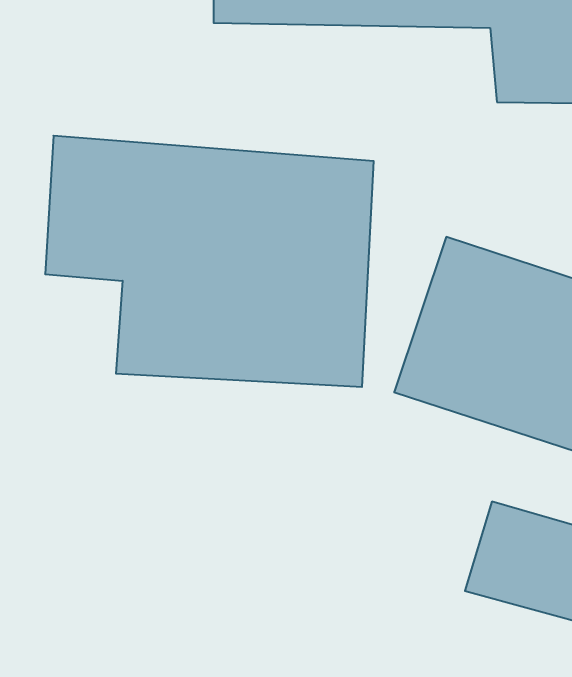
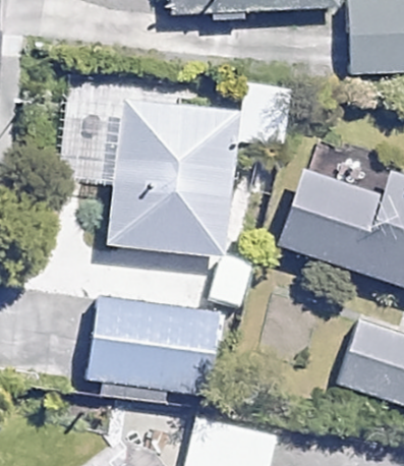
building: none -> [72,291,214,381]

